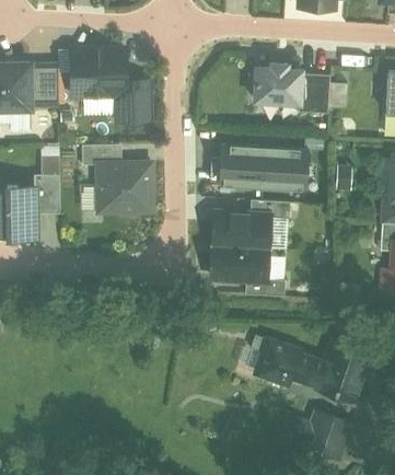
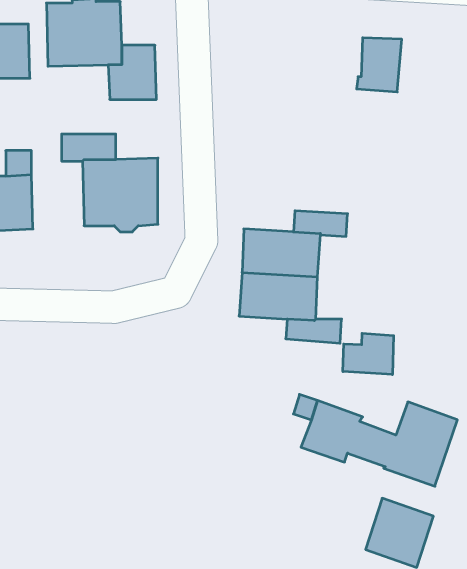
building: [254,63,301,103] -> none
building: [223,146,302,188] -> none
building: none -> [343,333,394,375]

